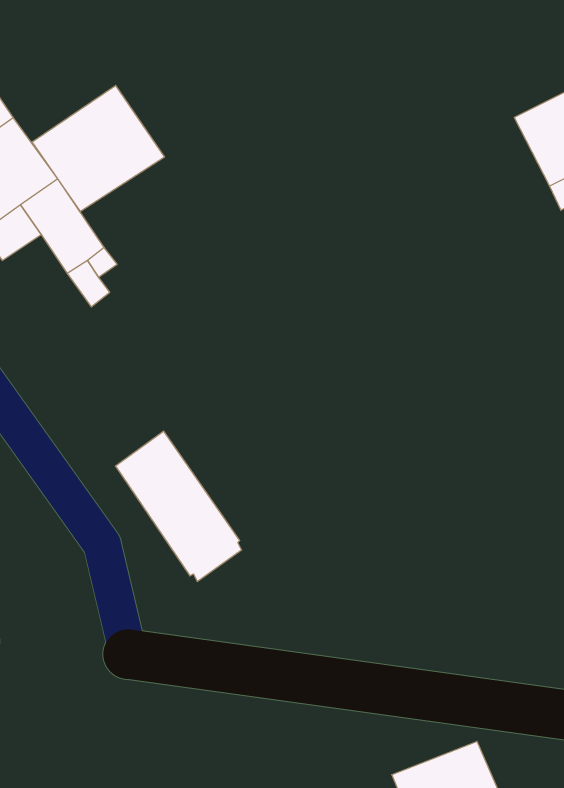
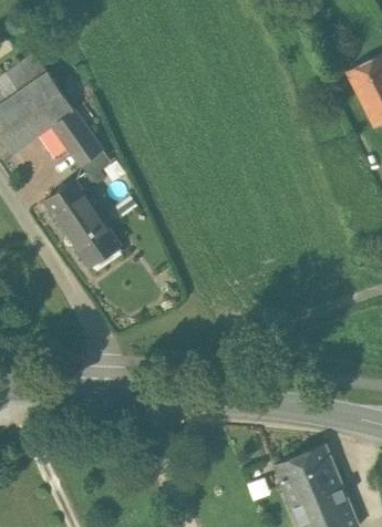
building: [32,85,164,211] -> none
building: [115,431,242,581] -> [45,180,121,270]

